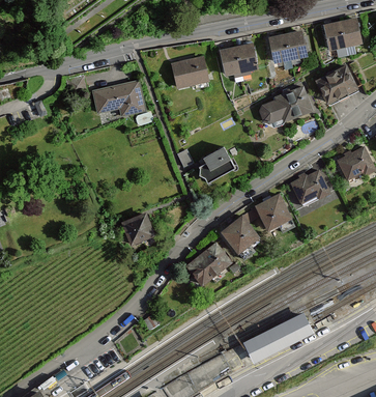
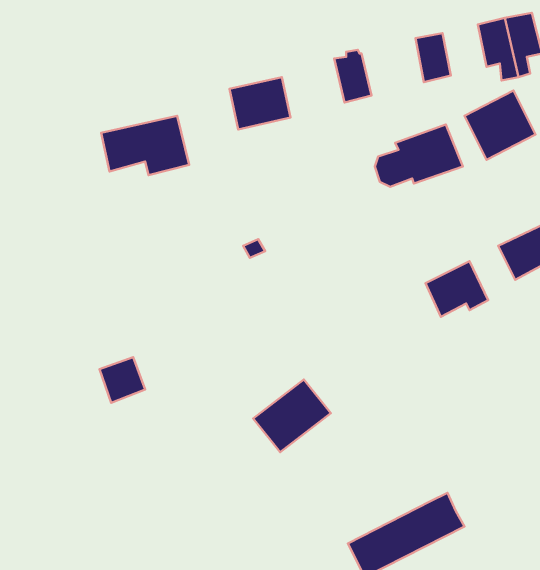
building: [267,32,292,69] -> none
building: [219,45,243,83] -> none
building: [198,150,235,183] -> none
building: [256,195,295,233] -> none
building: [123,215,151,243] -> [99,357,145,403]
building: [224,220,259,260] -> none

